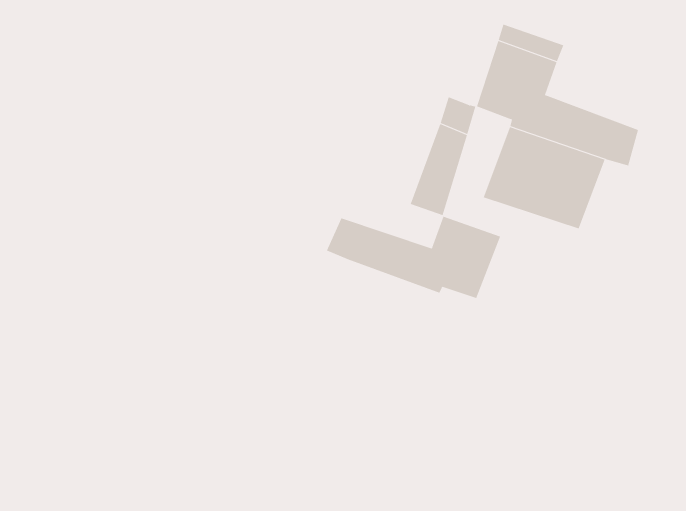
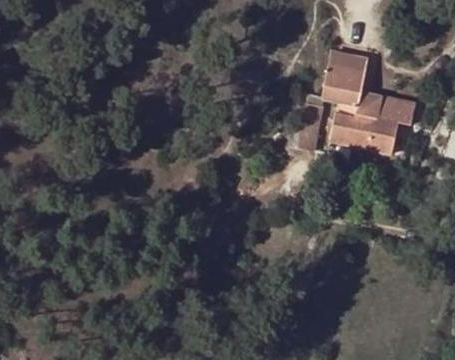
building: [326,216,501,299] -> none

